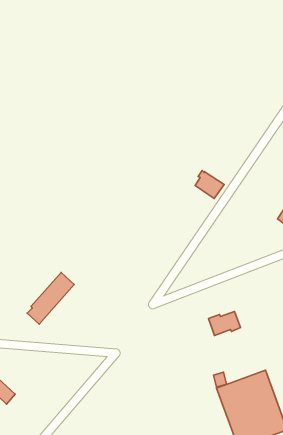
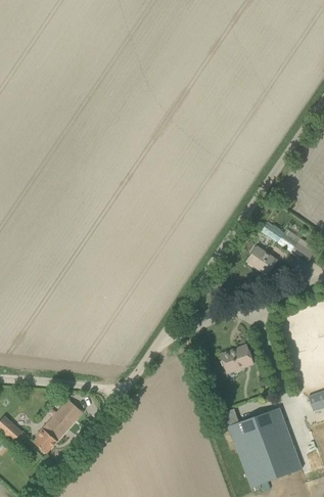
building: [195,171,224,199] -> [247,245,277,274]
building: [27,272,74,324] -> [34,400,82,453]

